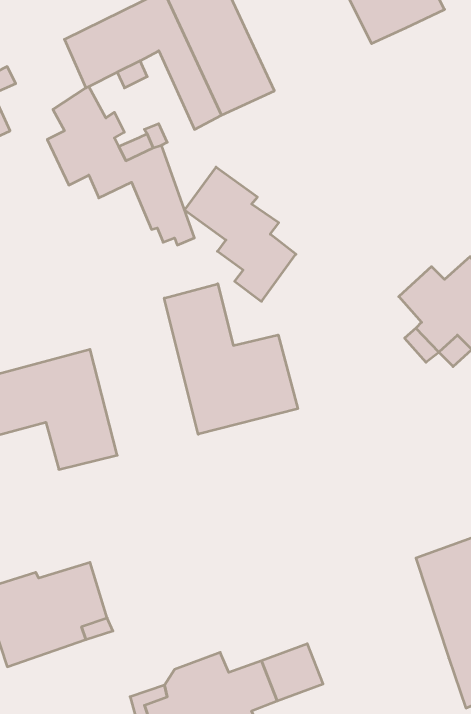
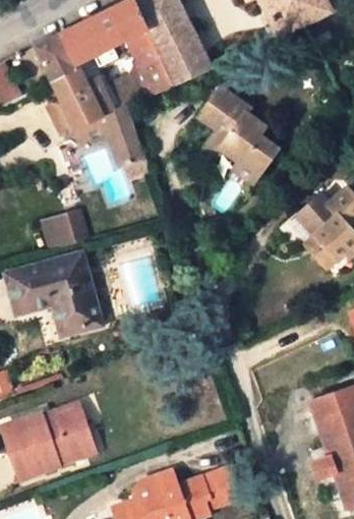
building: none -> [36,33,76,82]
building: [184,167,296,301] -> [198,82,278,178]
building: [164,284,298,434] -> none
building: none -> [39,208,90,249]

